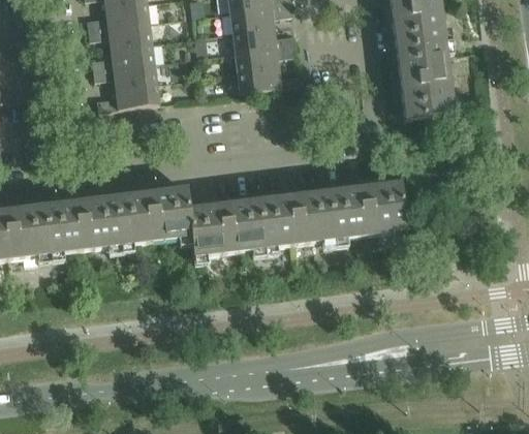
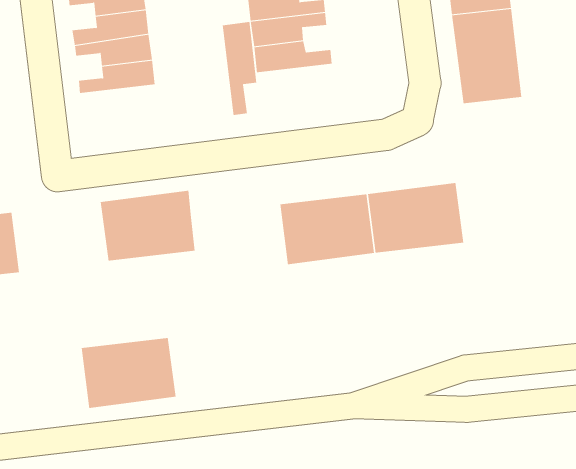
building: none -> [222,21,257,116]
building: [44,195,121,252] -> [81,337,176,408]
building: [188,197,264,254] -> none

